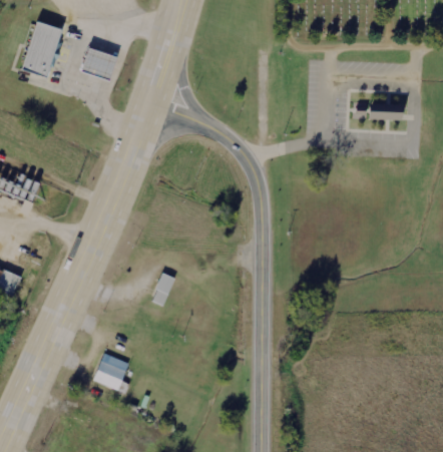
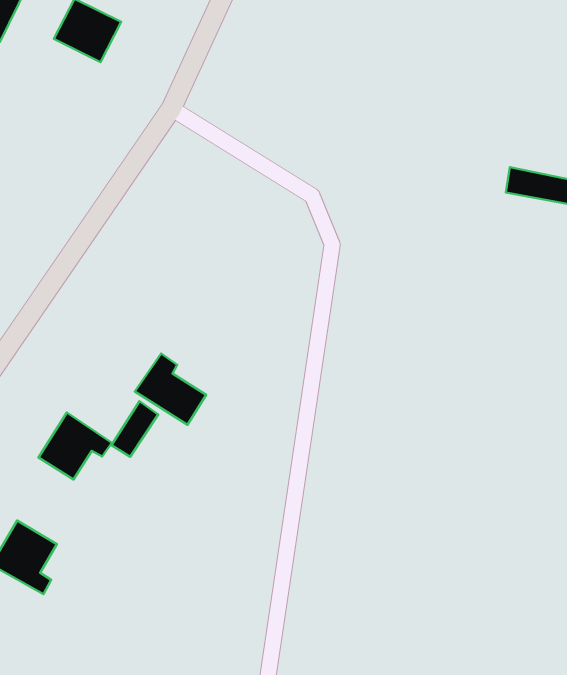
building: none -> [135,354,206,425]
building: none -> [38,413,112,480]

